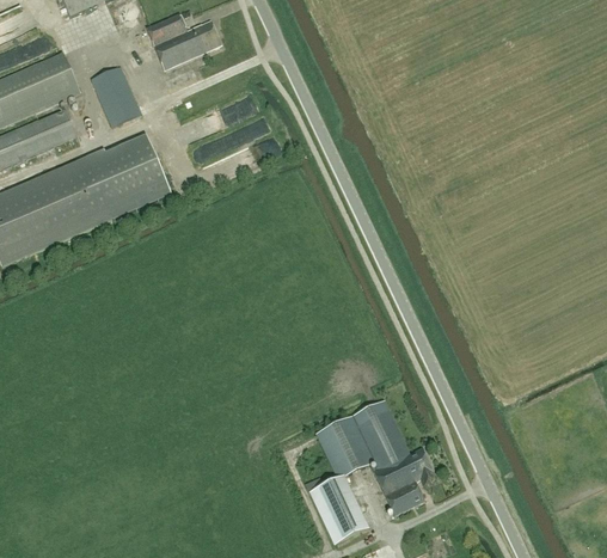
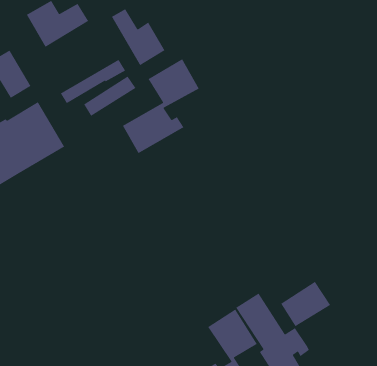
building: none -> [111,8,165,66]
building: none -> [122,58,200,154]
building: none -> [280,281,331,327]

